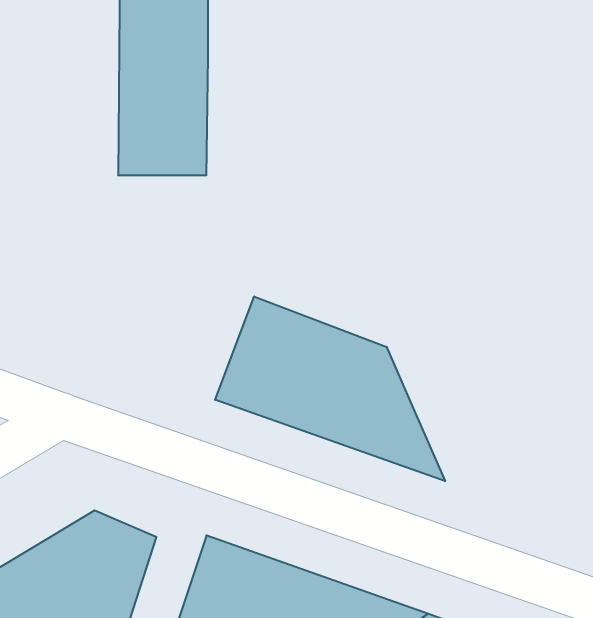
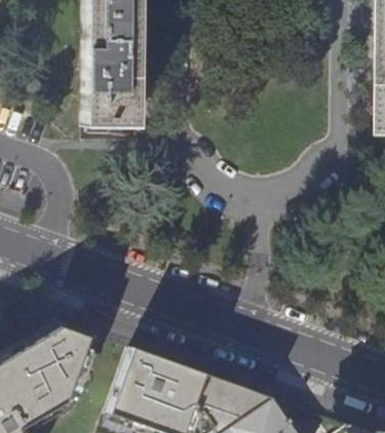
building: [215,296,445,481] -> none

